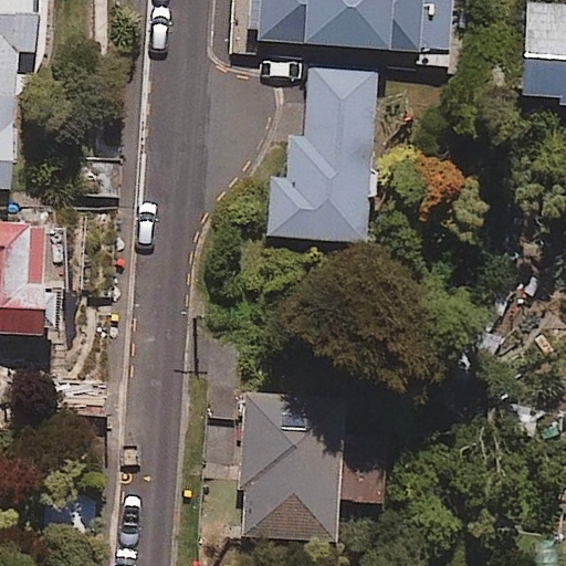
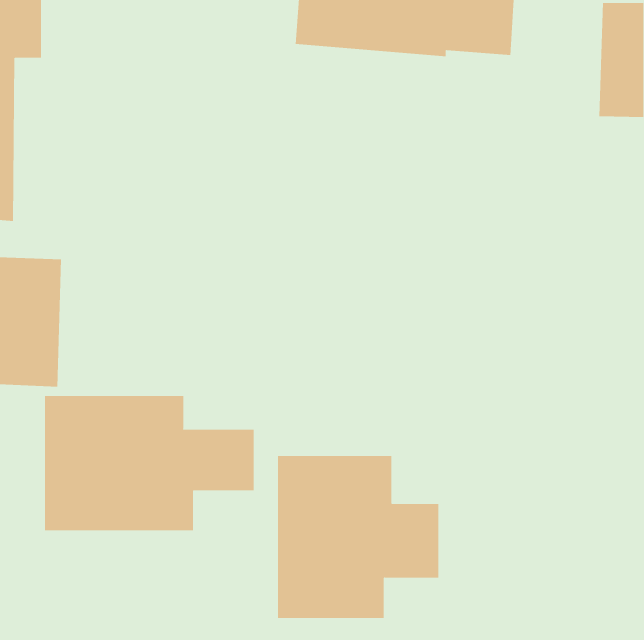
building: [268,64,377,241] -> none
building: none -> [44,395,254,531]

